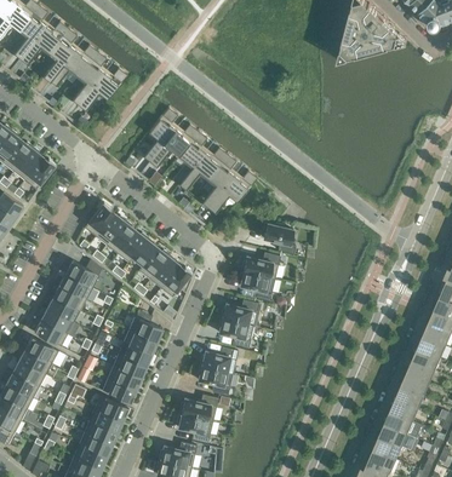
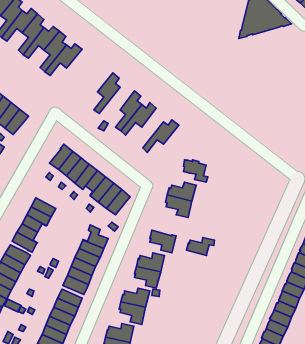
building: [149,125,196,167] -> none
building: [200,155,235,208] -> none
building: [64,260,101,289] -> none
building: [219,301,257,326] -> [187,237,215,256]

